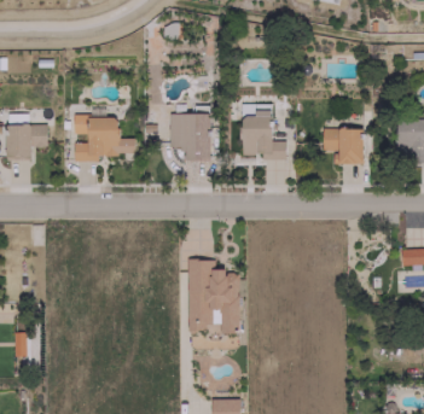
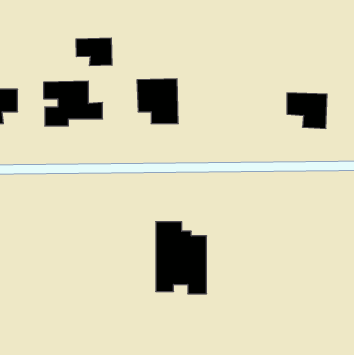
building: none -> [76,38,112,66]
building: [242,103,286,158] -> none

